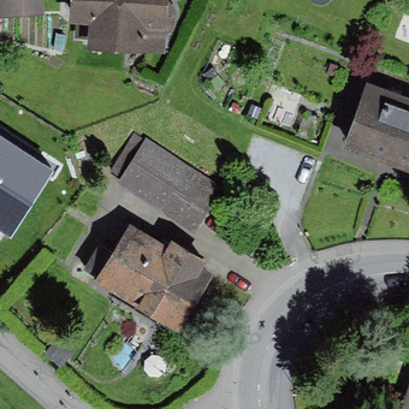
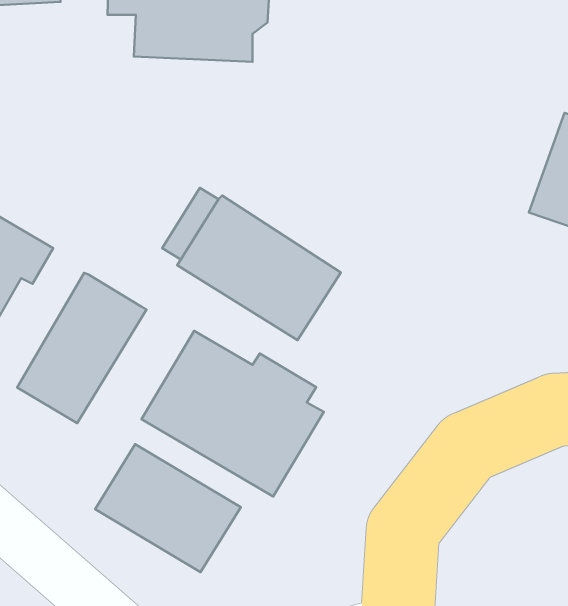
building: none -> [17,273,146,423]
building: none -> [95,444,241,572]

